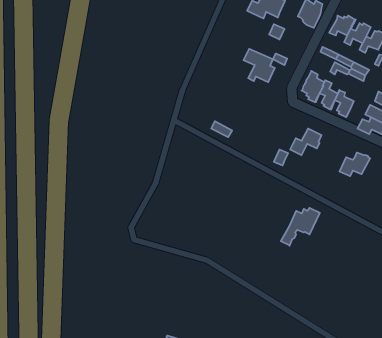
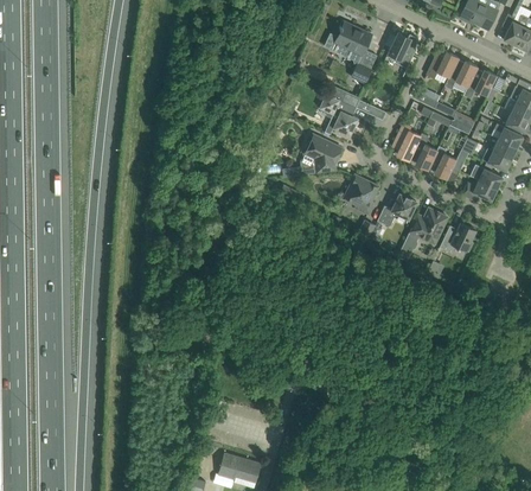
building: none -> [295,133,341,174]
building: none -> [344,174,378,215]
building: [281,208,320,246] -> [398,210,447,257]

